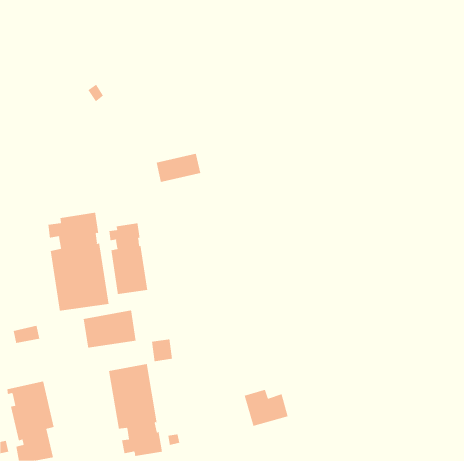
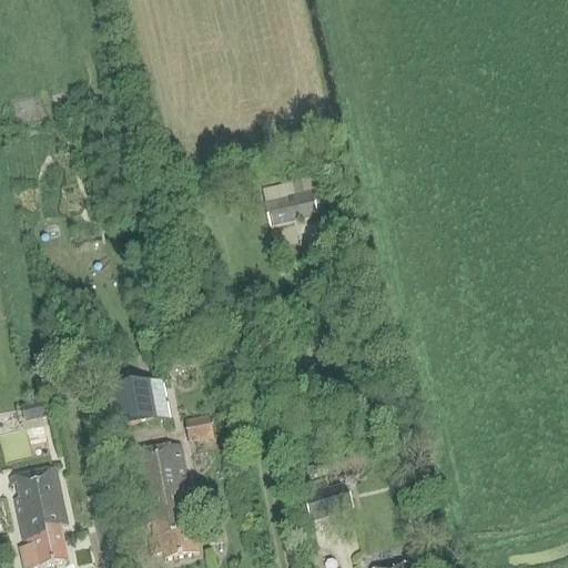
building: [156,153,201,182] -> [263,190,318,225]
building: [48,212,109,311] -> none
building: [109,222,148,295] -> none

